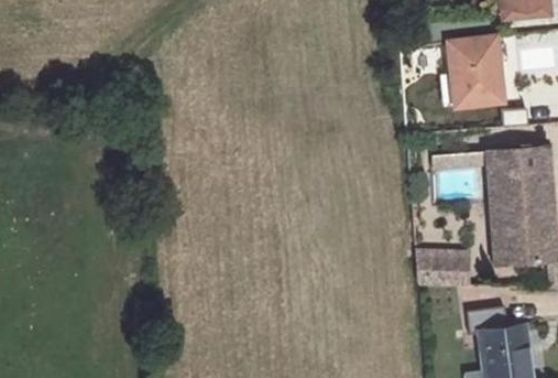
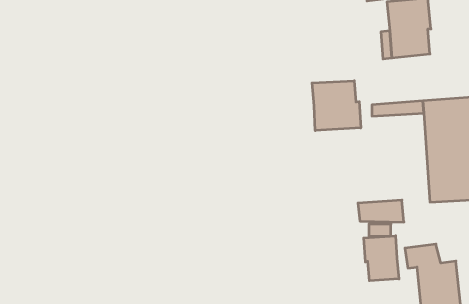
building: none -> [312,81,361,131]
building: none -> [364,236,399,281]

